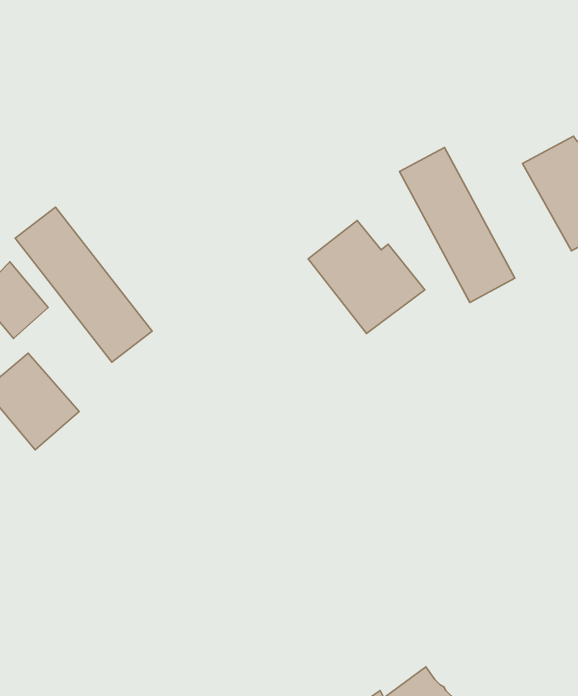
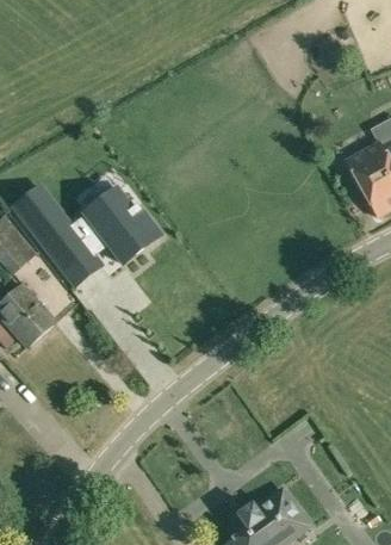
building: [400,147,515,303] -> none
building: [308,221,425,334] -> [86,193,162,267]

